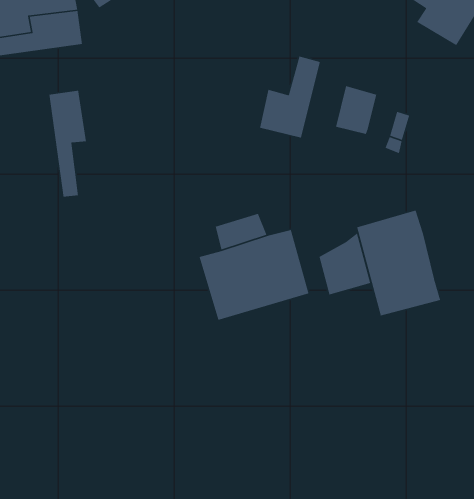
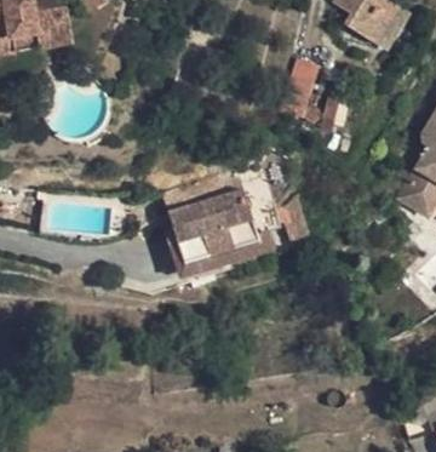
building: [259,55,321,138] -> none
building: [48,90,87,197] -> none
building: [356,210,441,317] -> none

